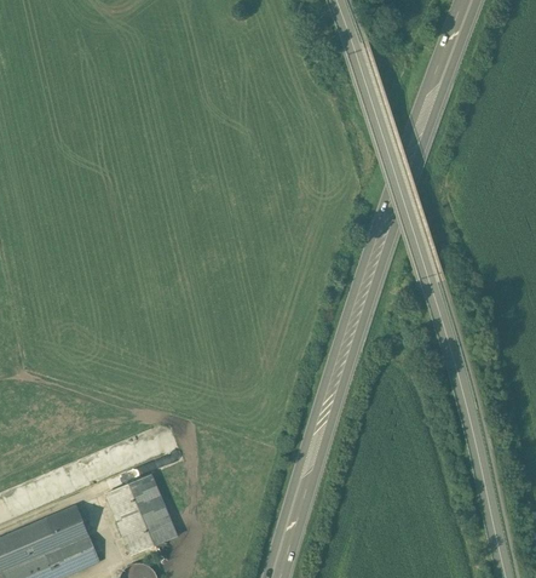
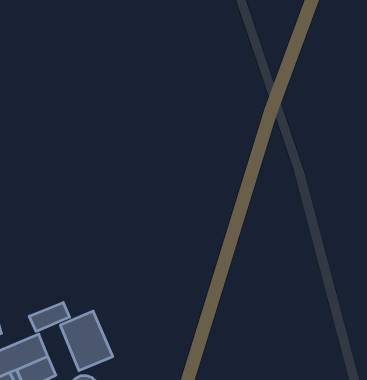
building: none -> [29,302,70,331]

